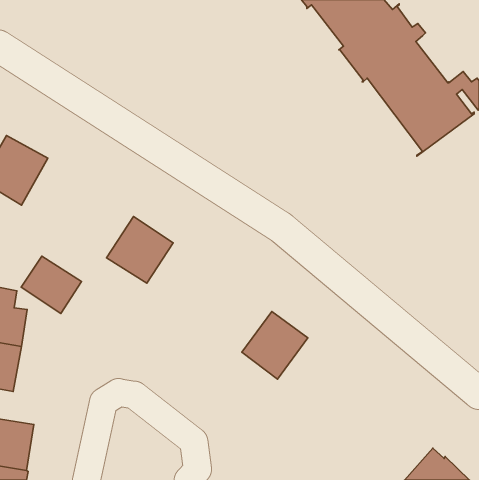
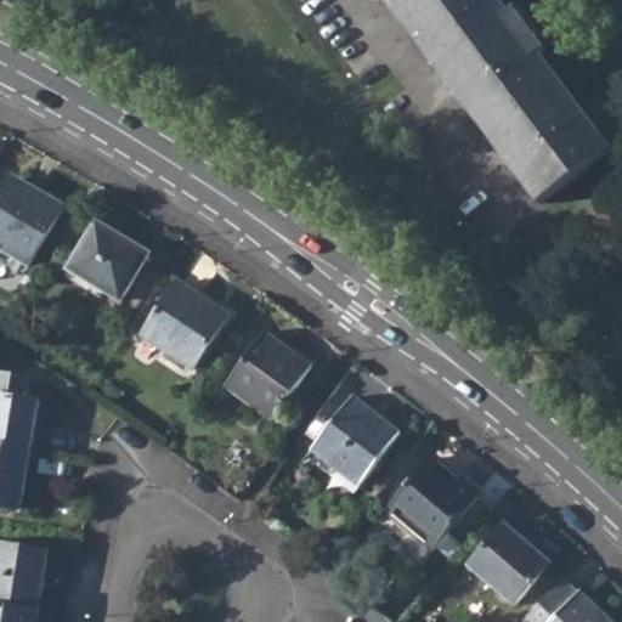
building: [21,256,81,314] -> [68,226,146,300]
building: none -> [217,332,302,417]
building: none -> [385,460,471,549]
building: none -> [464,524,545,604]

